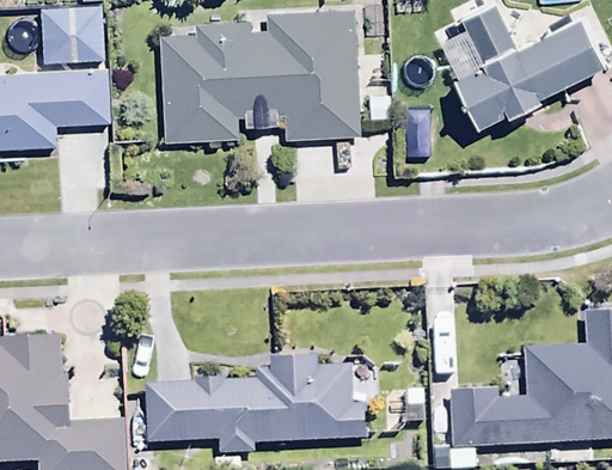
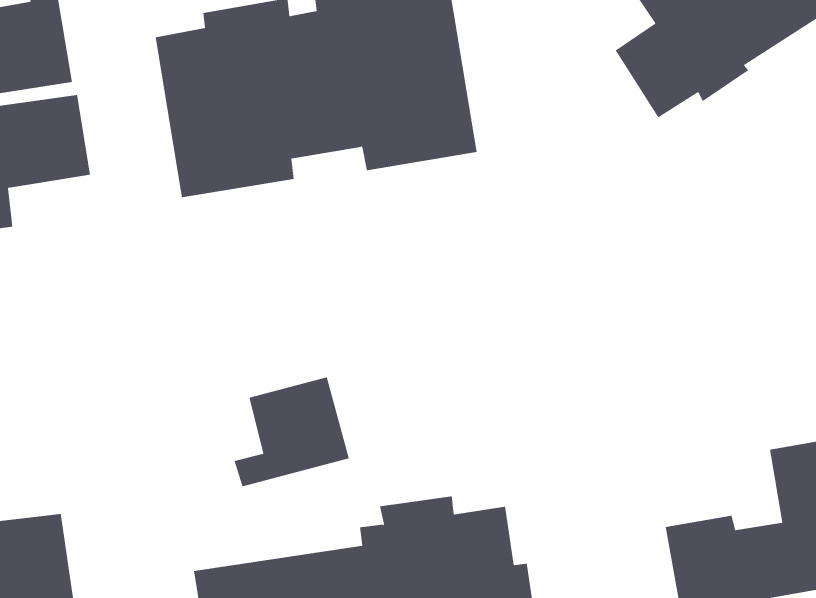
building: none -> [234,376,350,487]

